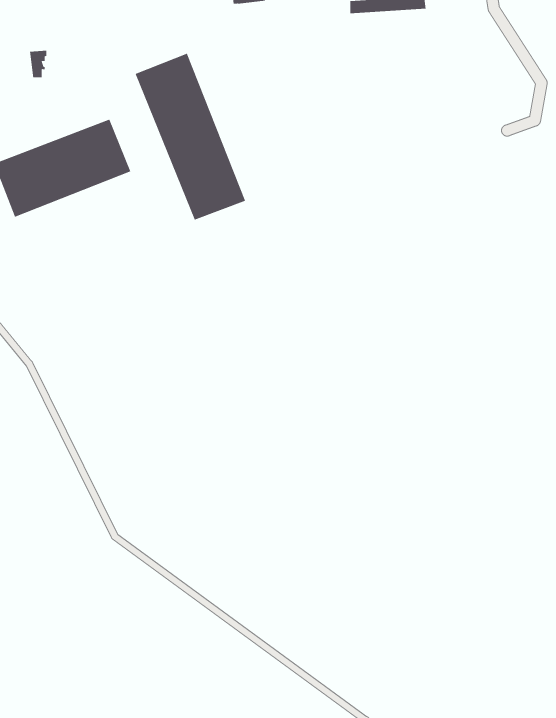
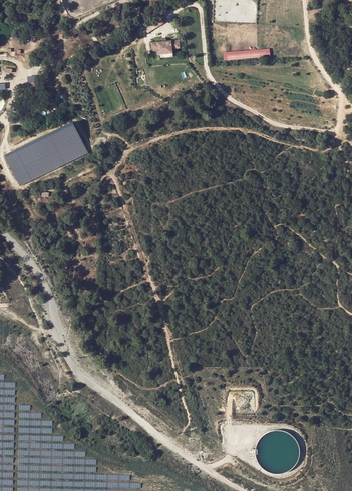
building: [135,53,246,221] -> none

